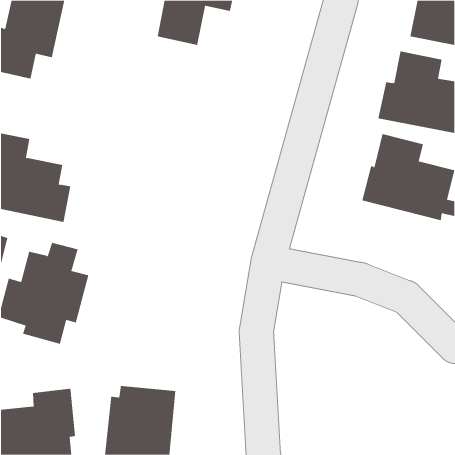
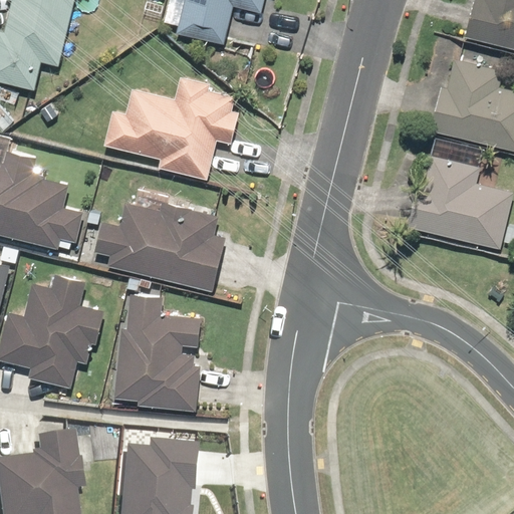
building: none -> [101,74,238,181]
building: none -> [89,203,226,293]
building: none -> [112,293,200,411]

